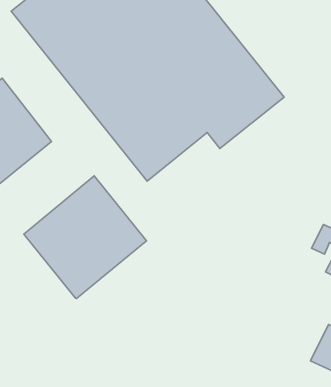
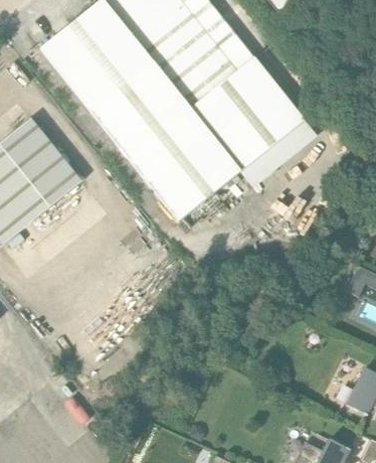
building: [24,176,146,298] -> none

